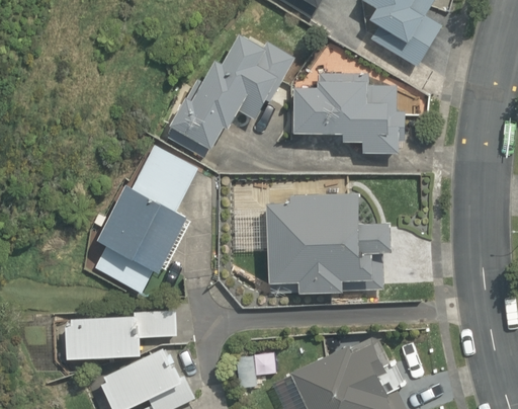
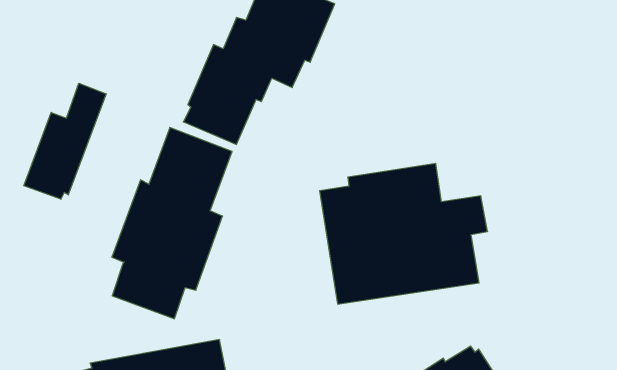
building: [294,75,404,153] -> none
building: none -> [24,83,106,199]

